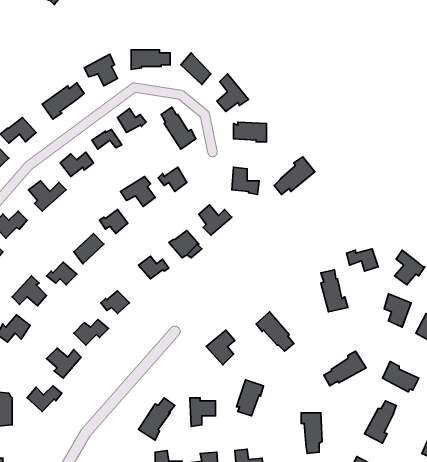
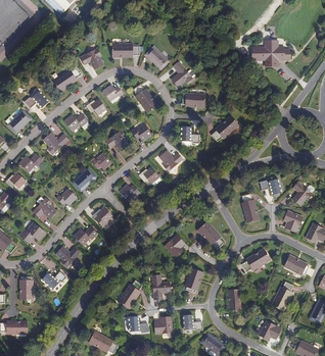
building: none -> [250,39,290,66]

